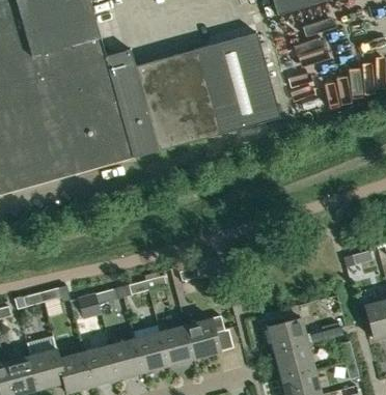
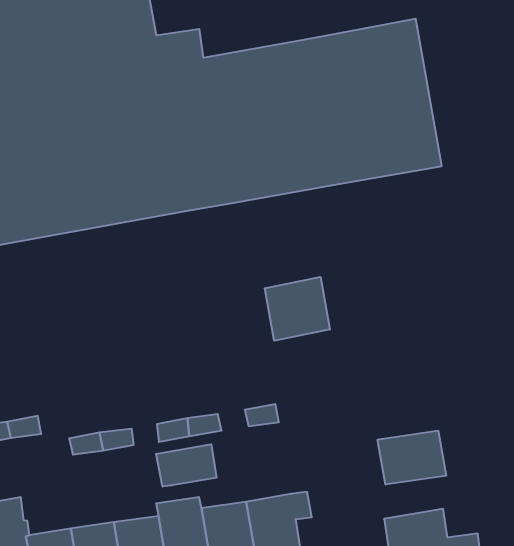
building: none -> [265,277,330,341]
building: none -> [378,431,446,485]
building: none -> [156,444,216,487]

